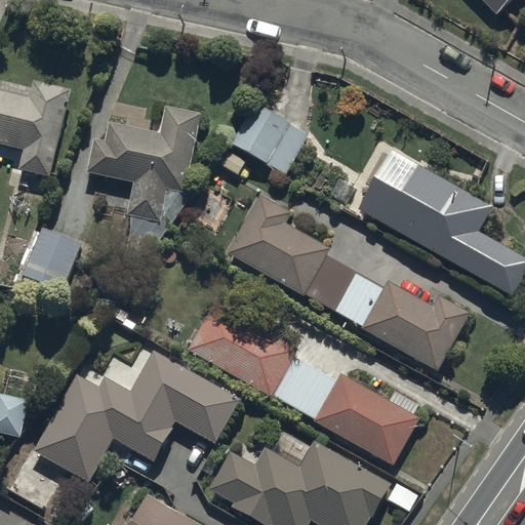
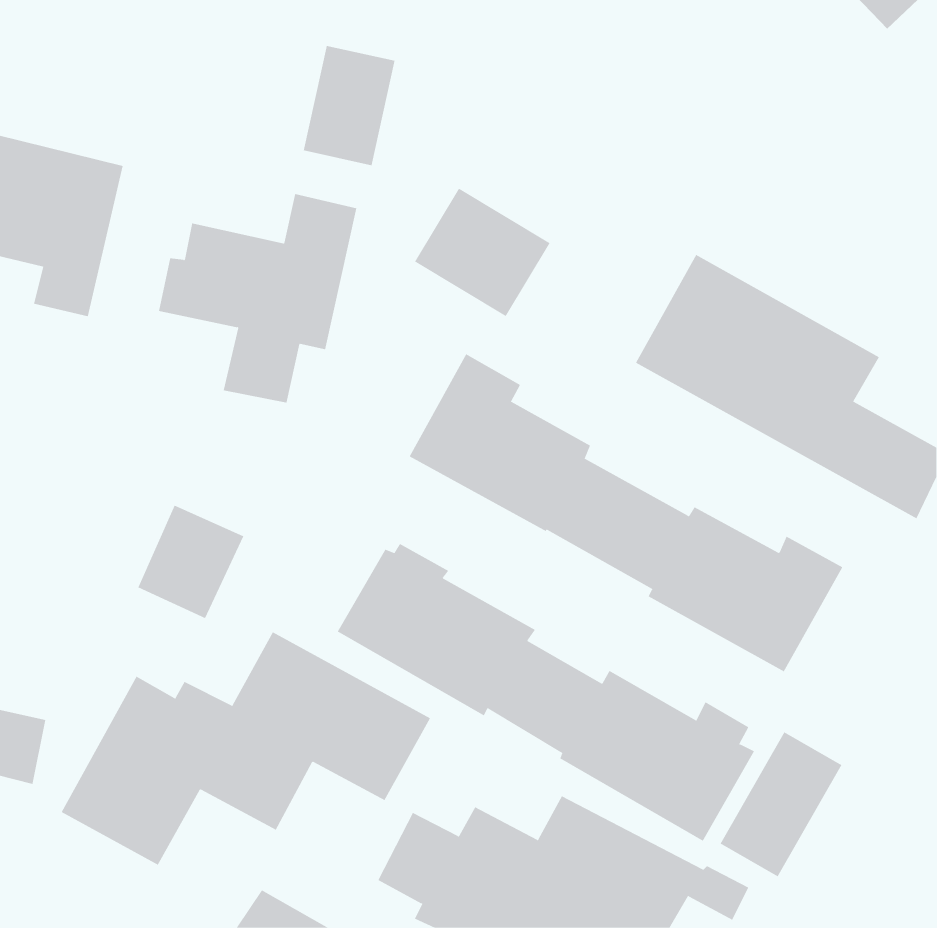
building: none -> [303,45,395,166]
building: [22,229,81,292] -> [137,505,244,619]
building: none -> [720,732,842,877]

